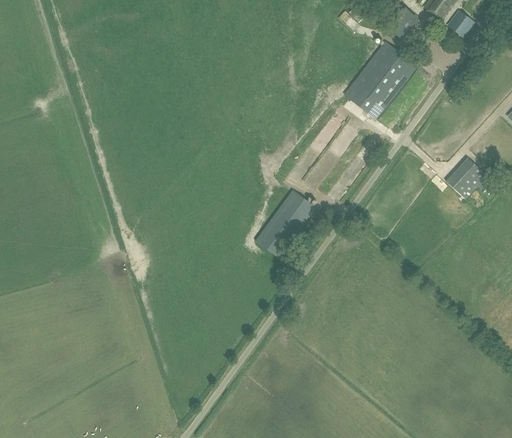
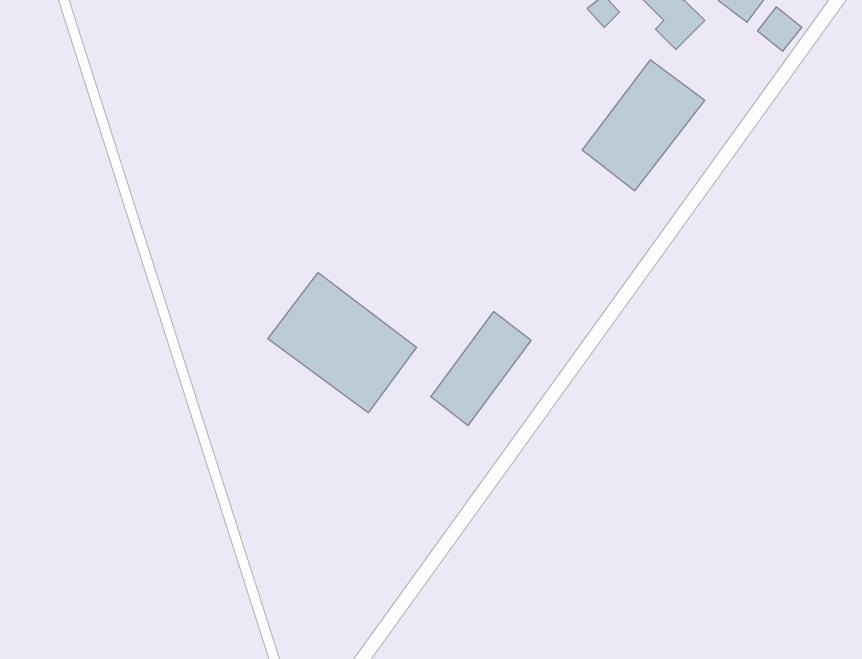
building: [446,157,486,198] -> none
building: none -> [268,273,416,413]

